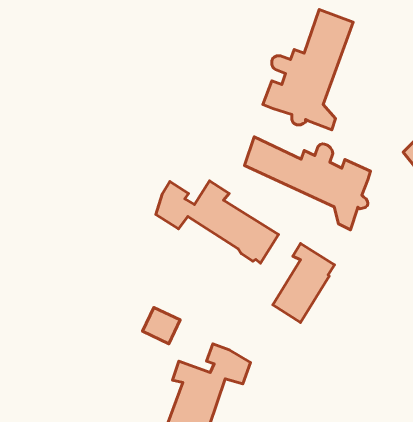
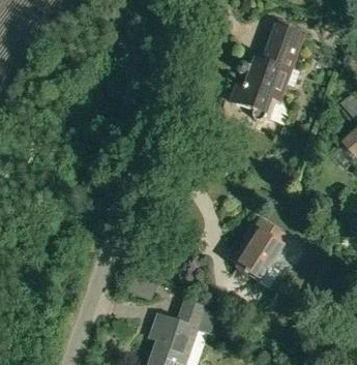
building: [245,137,371,230] -> none
building: [156,181,279,263] -> none

